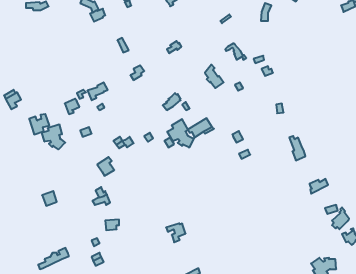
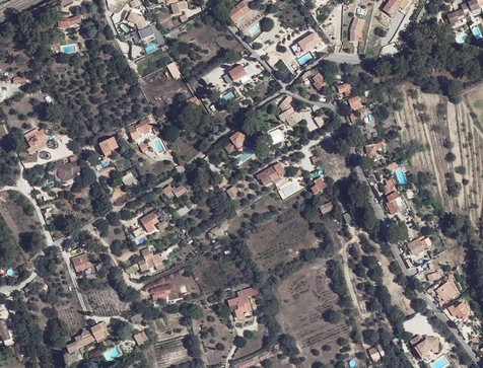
building: [167,119,194,148] -> none
building: [42,124,65,149] -> none

